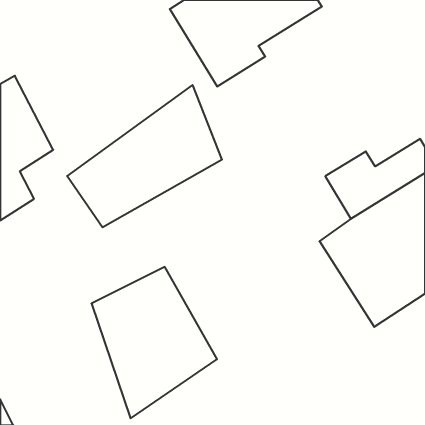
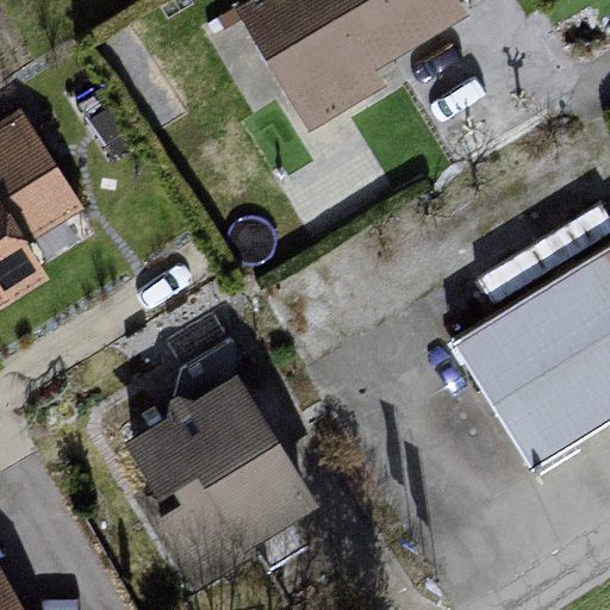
building: [67,85,222,227] -> none

